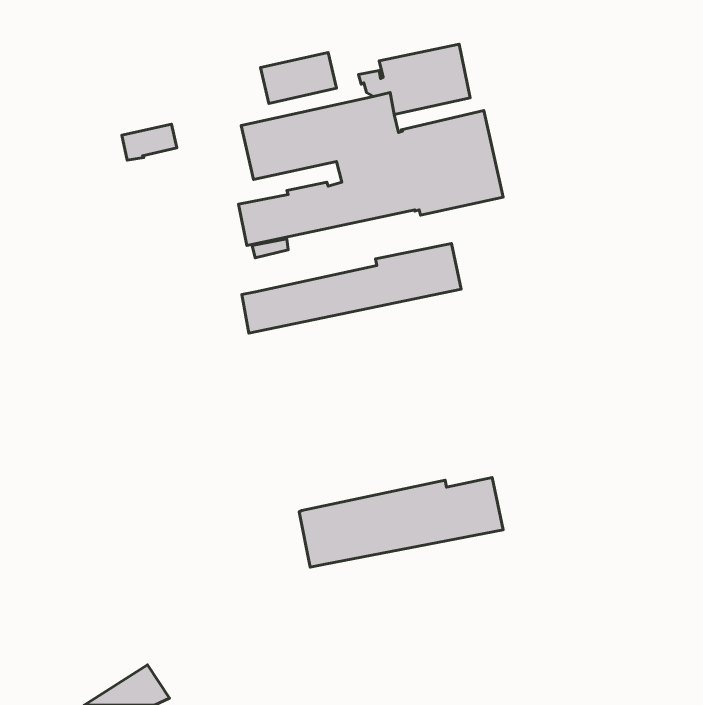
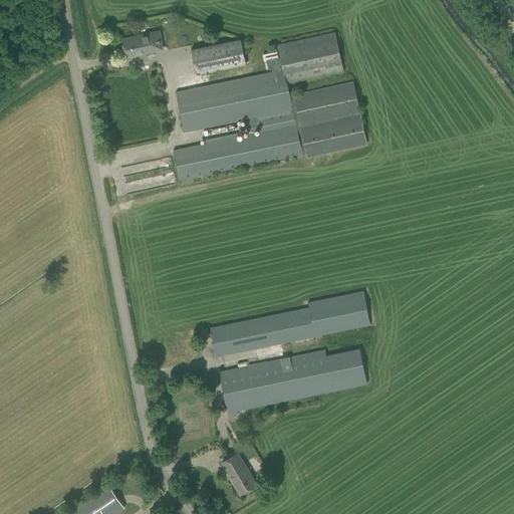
building: [122,124,177,160] -> [122,30,163,56]
building: [242,244,461,333] -> [210,291,369,356]
building: none -> [221,452,257,495]

